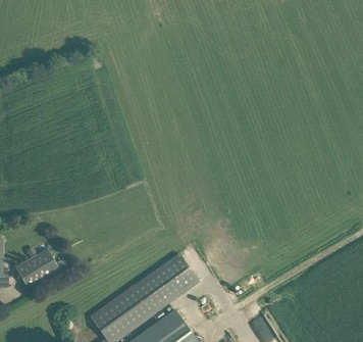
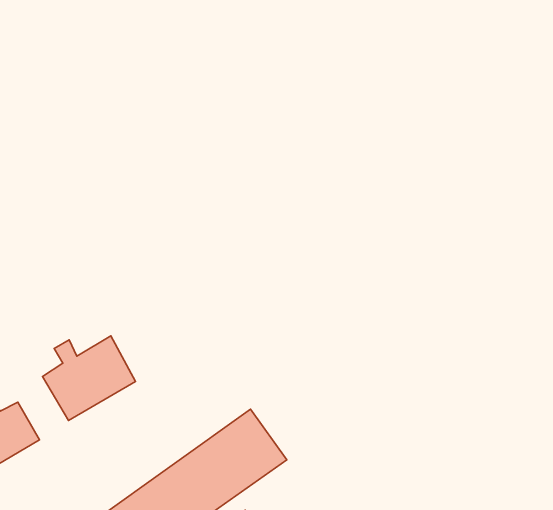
building: none -> [43,336,136,421]

